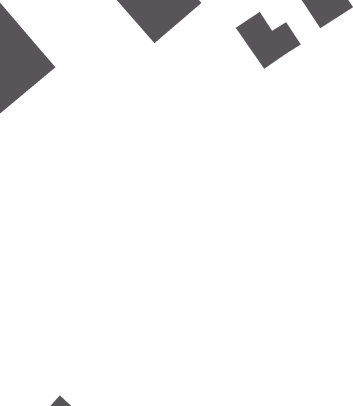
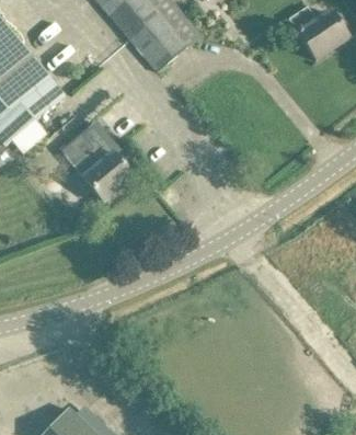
building: [235,11,302,70] -> none
building: none -> [62,125,134,199]

